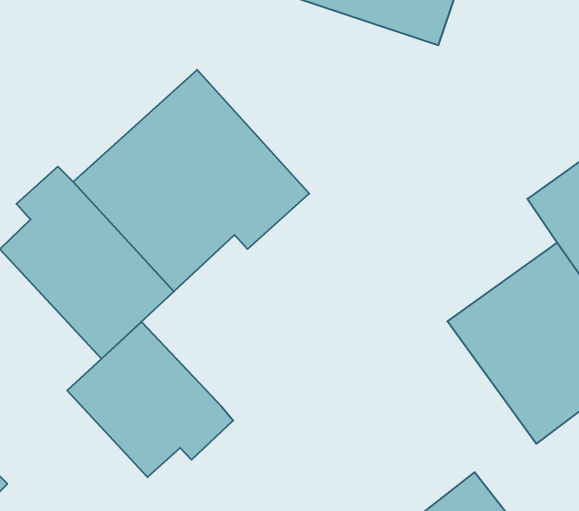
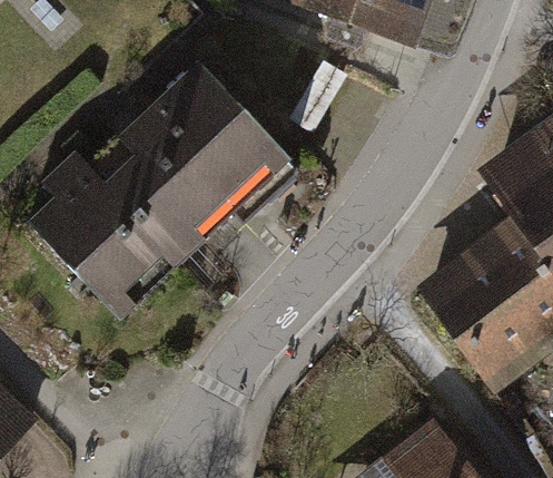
building: [67,322,233,477] -> none

